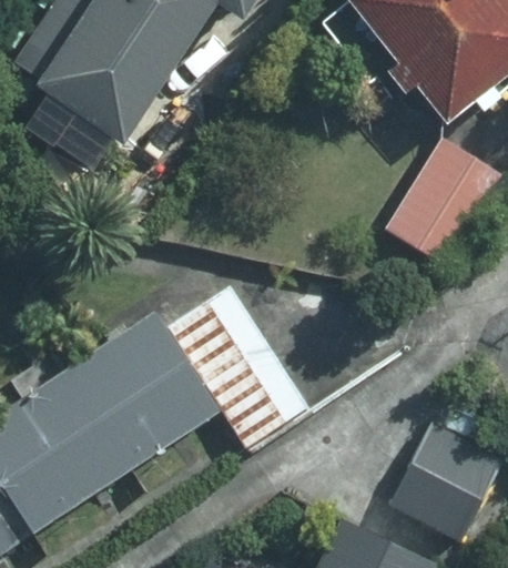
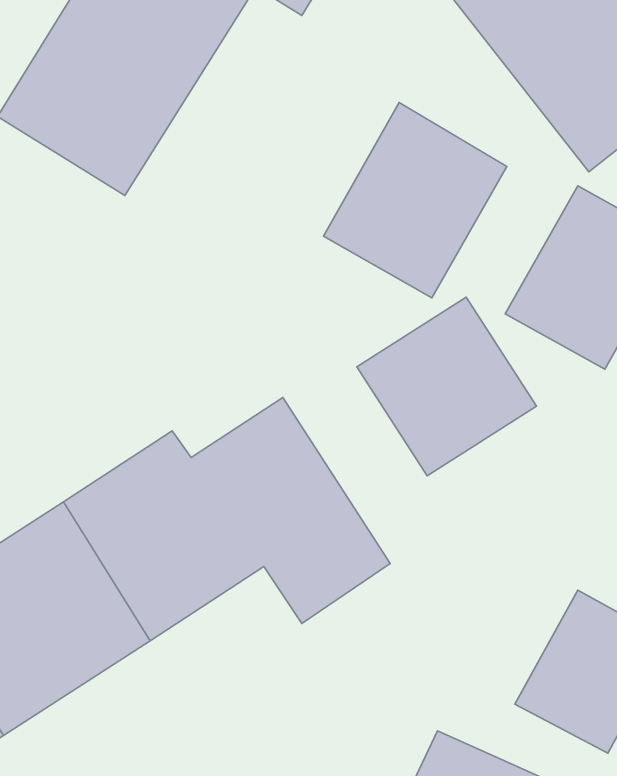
building: none -> [324,102,507,298]
building: none -> [357,297,536,476]

